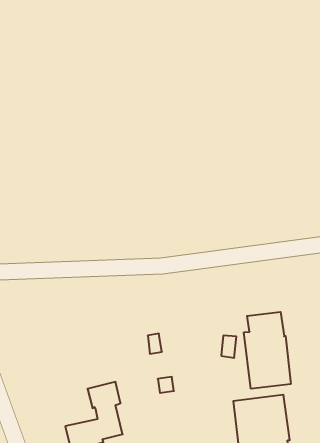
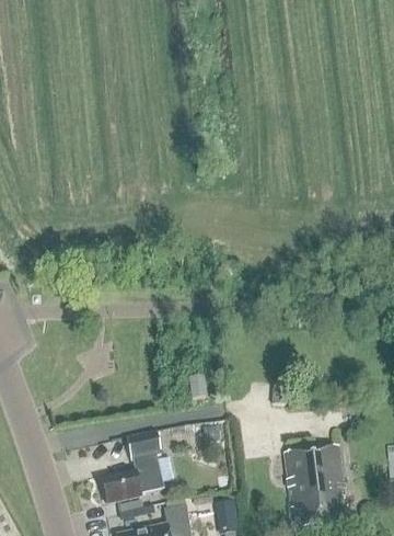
building: [244,312,291,389] -> none

